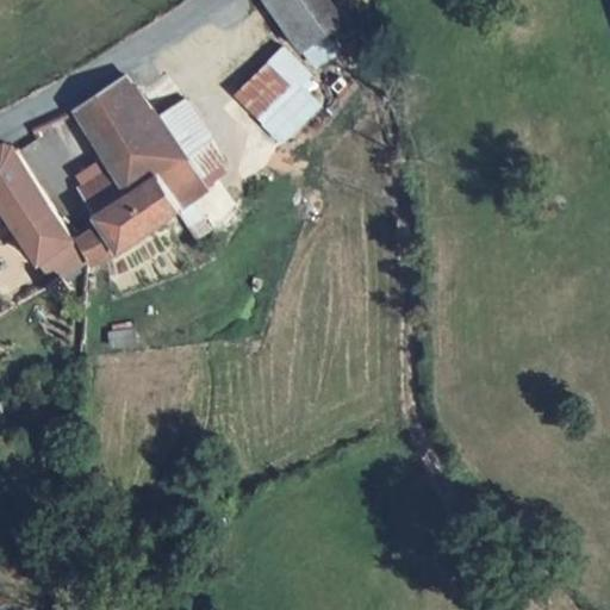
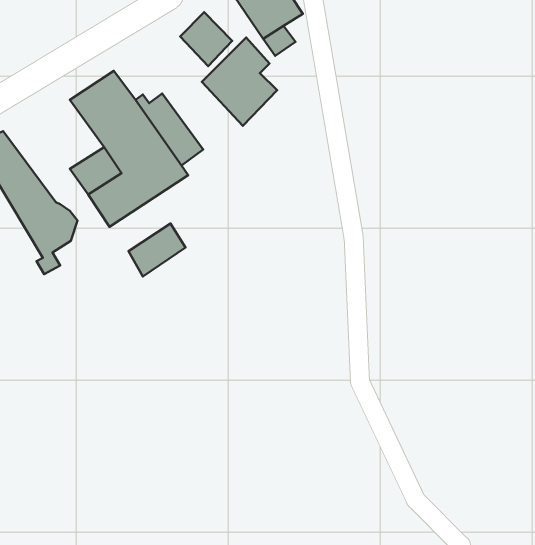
building: none -> [180,12,232,66]
building: none -> [129,224,186,276]

